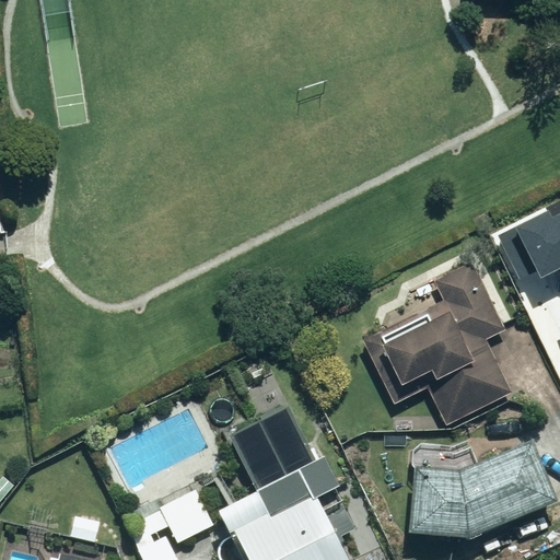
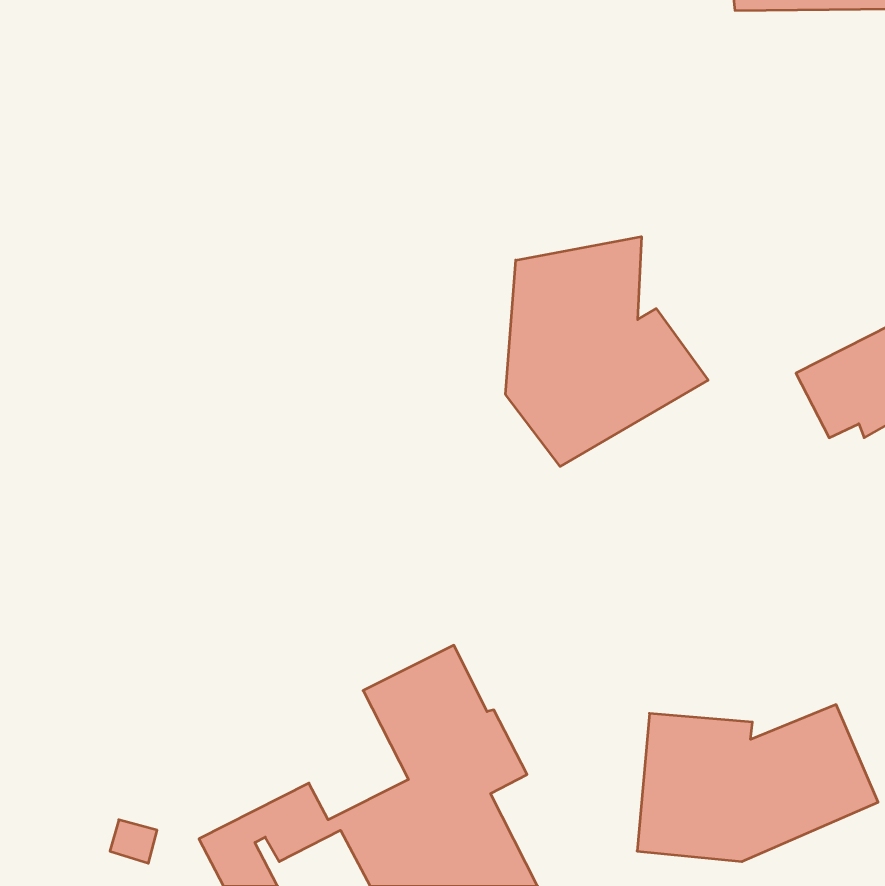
building: none -> [506,237,708,466]
building: [368,262,513,421] -> none

